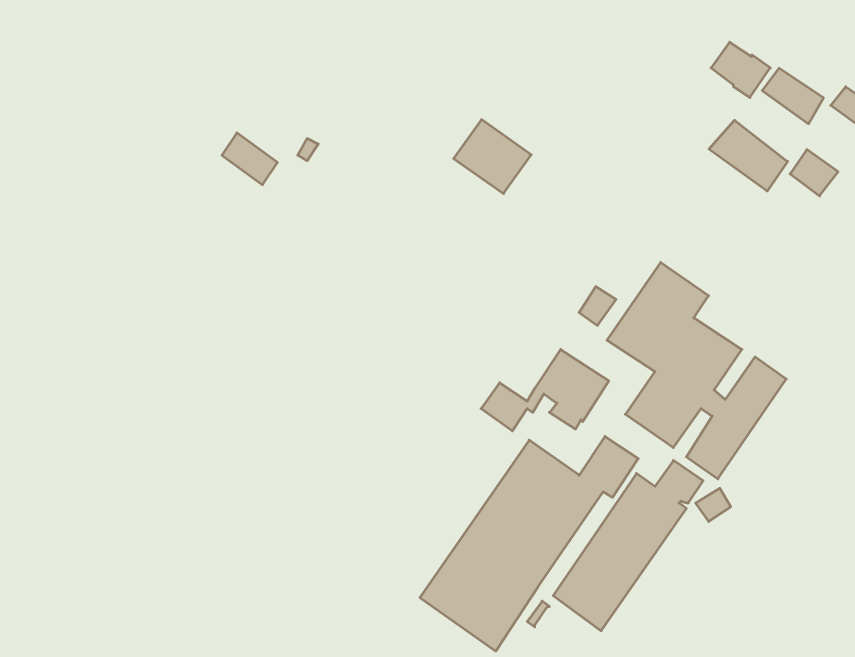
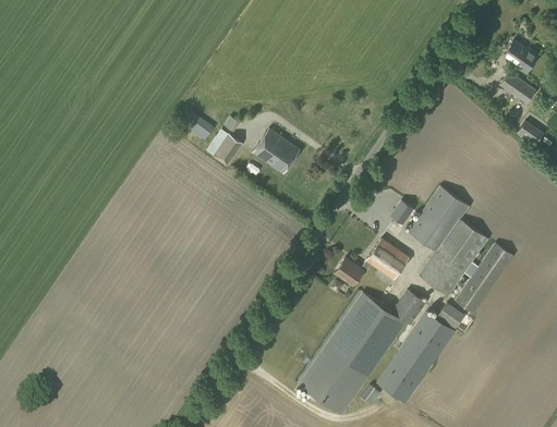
building: [711,42,770,98] -> [502,39,537,72]
building: [454,120,531,194] -> [253,129,299,172]
building: [709,120,788,191] -> none
building: none -> [211,133,243,167]

